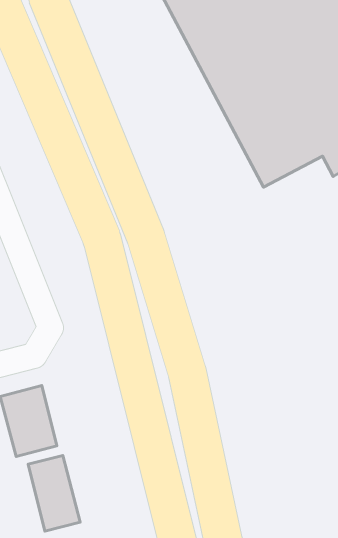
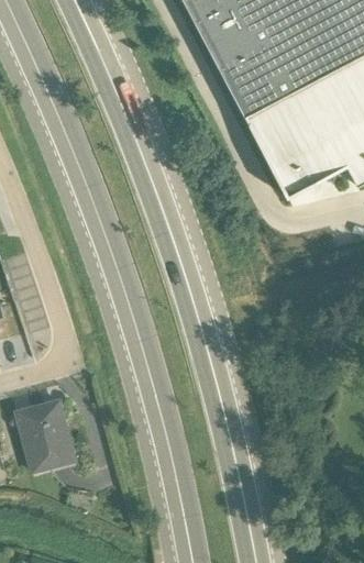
building: [28,456,80,531] -> none

